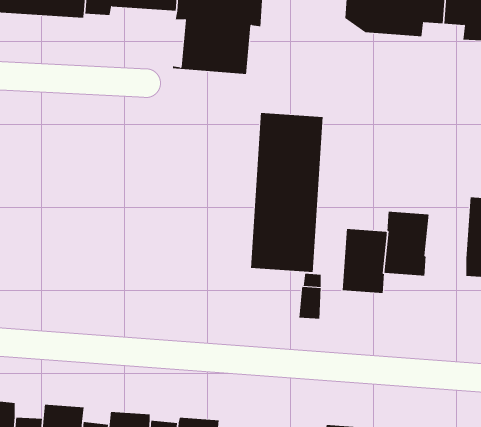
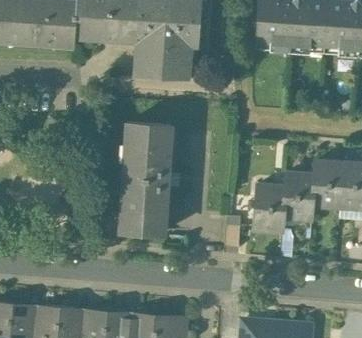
building: [250,113,323,272] -> [120,122,171,233]
building: none -> [311,161,342,206]

